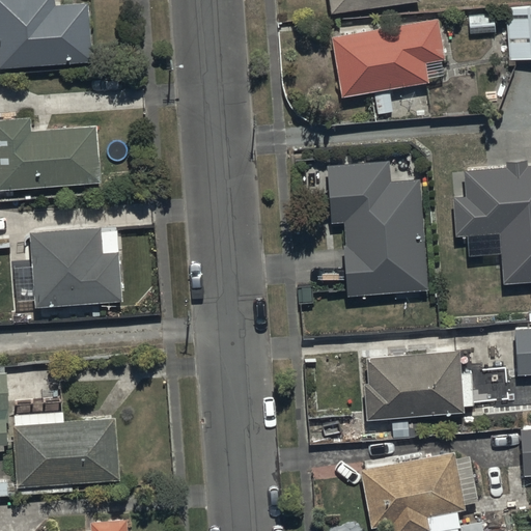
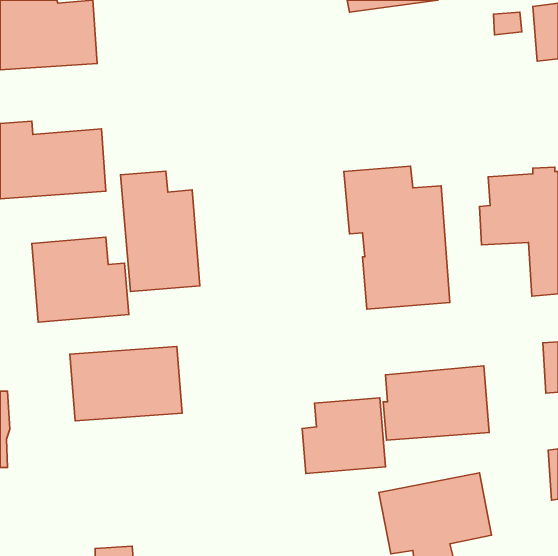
building: [331,19,445,97] -> none
building: none -> [121,171,200,292]
building: none -> [302,398,385,473]
building: [12,418,119,488] -> [70,347,182,421]

